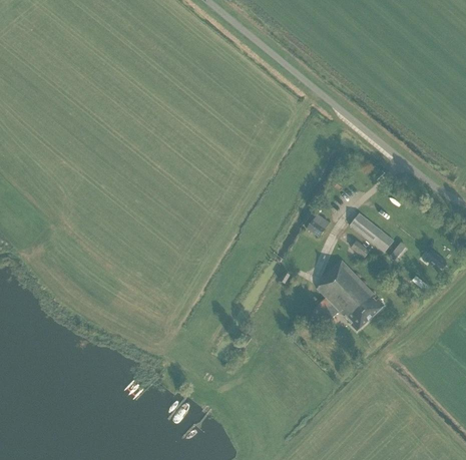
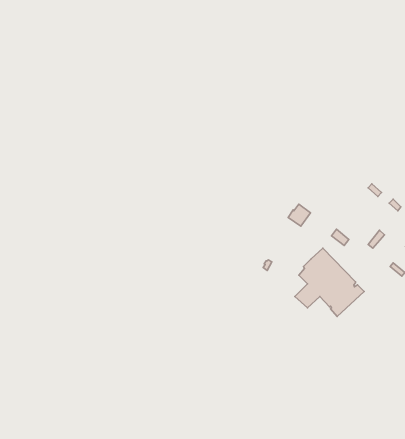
building: [350,212,393,252] -> none

